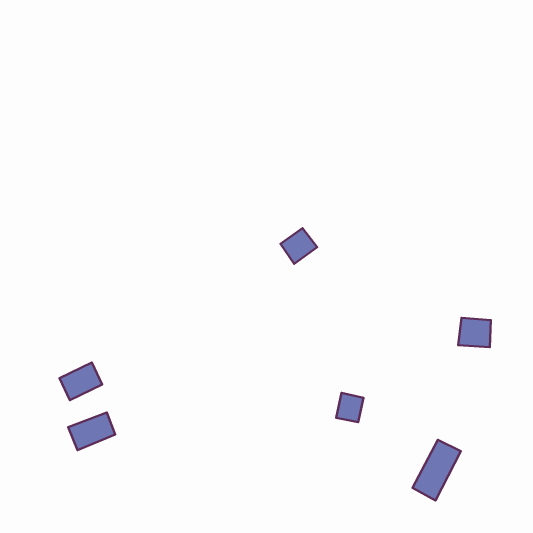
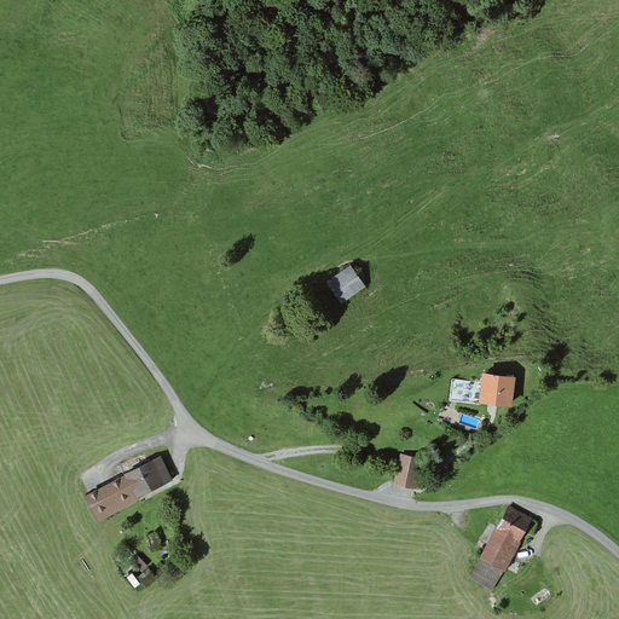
building: [458,318,491,347] -> [472,372,509,406]
building: [59,362,102,400] -> [123,453,173,497]

